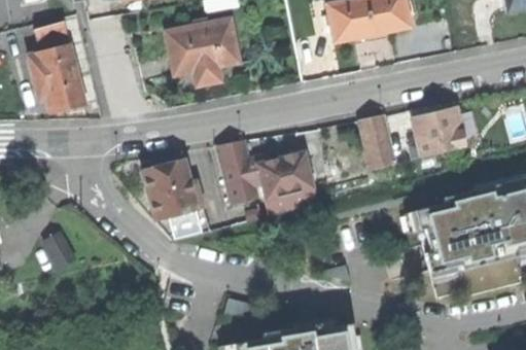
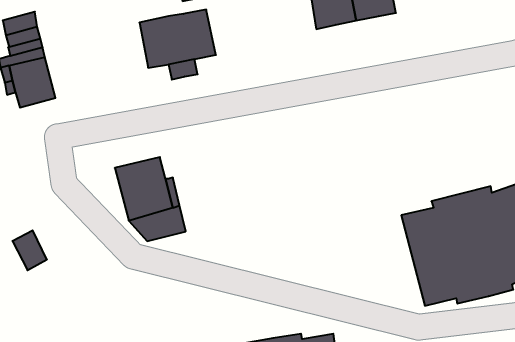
building: [413,112,466,163] -> none
building: [362,119,397,173] -> none
building: [219,145,318,219] -> none

